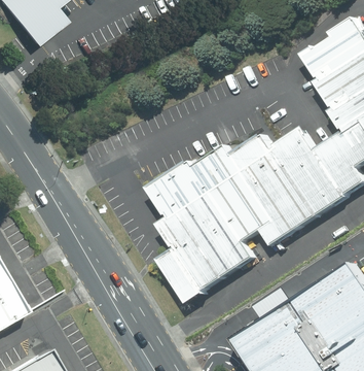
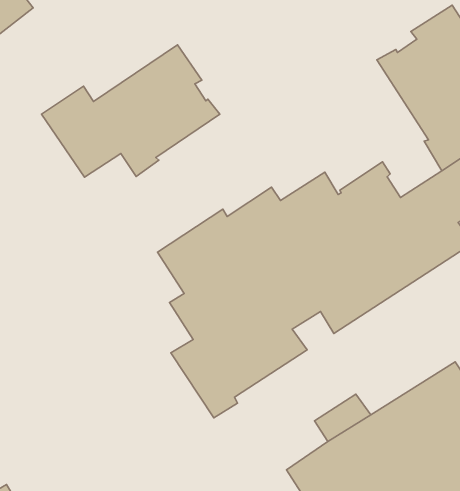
building: none -> [41,45,220,177]

